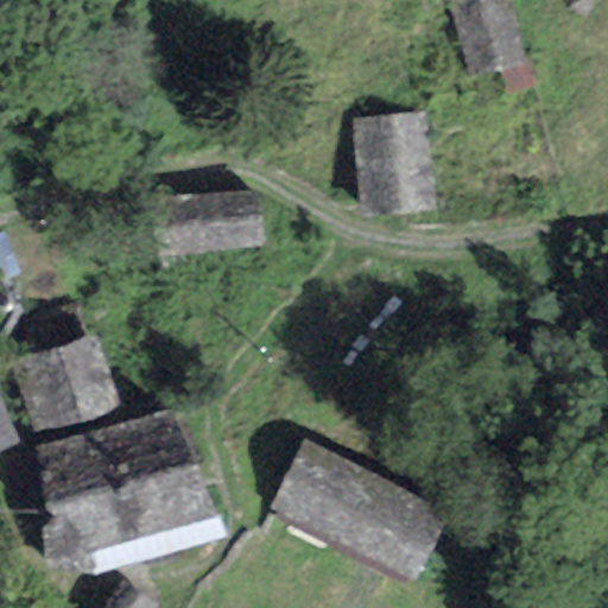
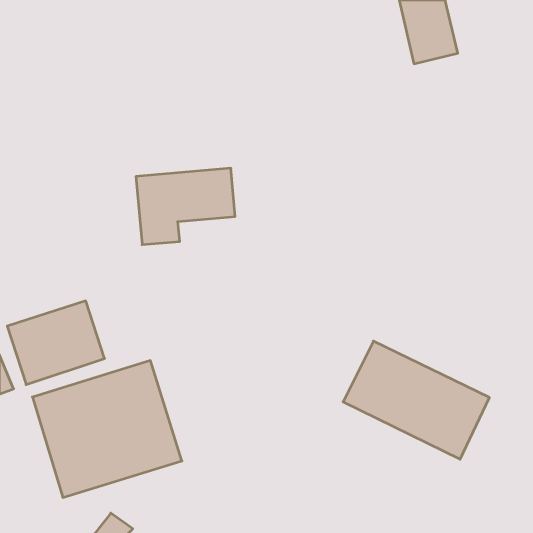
building: [356,119,436,215] -> none
building: [277,445,443,580] -> [343,341,489,459]

